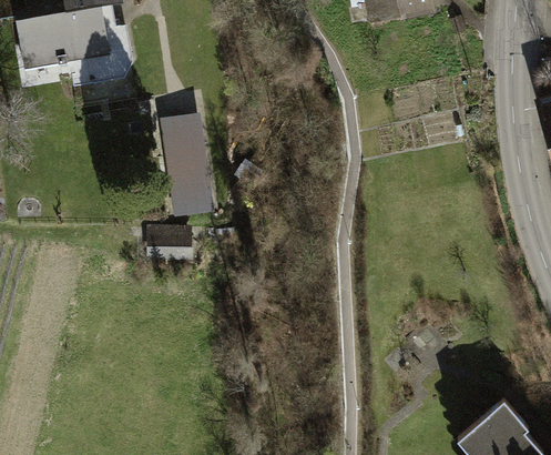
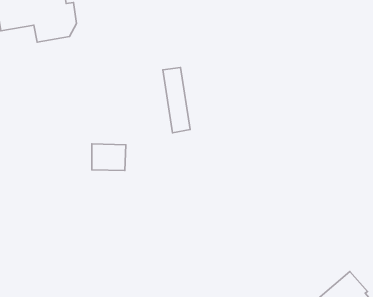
building: [165,121,203,211] -> [163,68,190,133]

